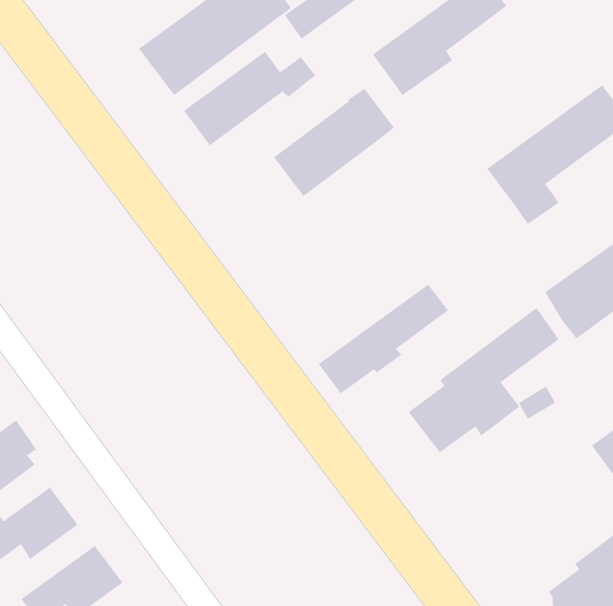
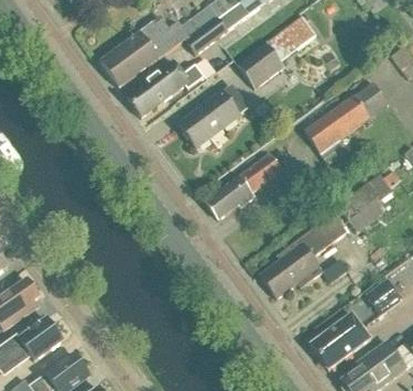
building: [318,284,449,394] -> [205,153,282,218]
building: none -> [311,312,371,368]

